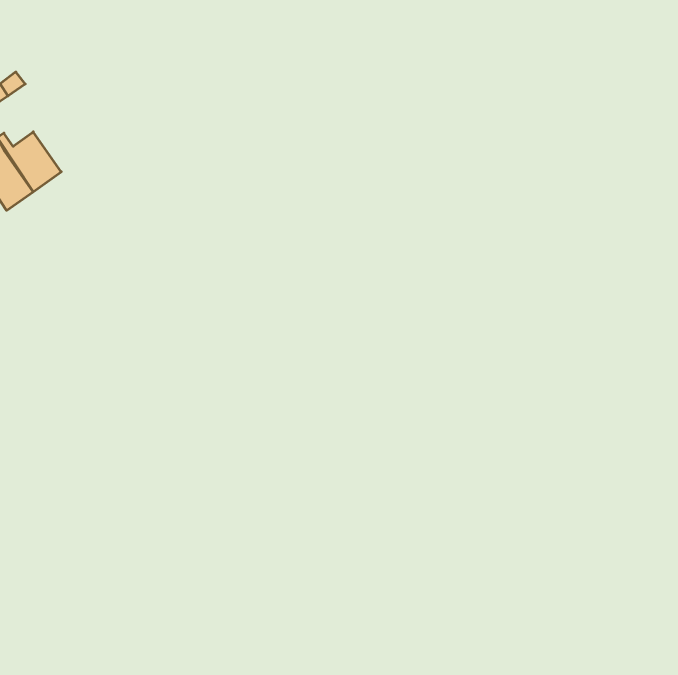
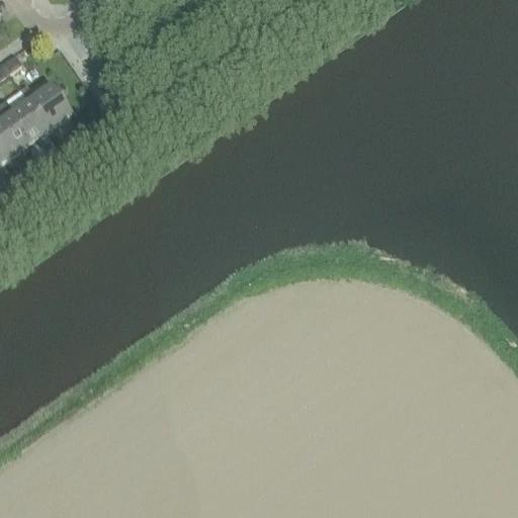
building: none -> [17,85,68,131]

